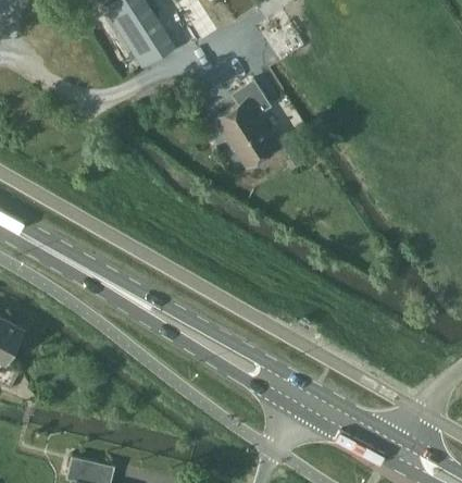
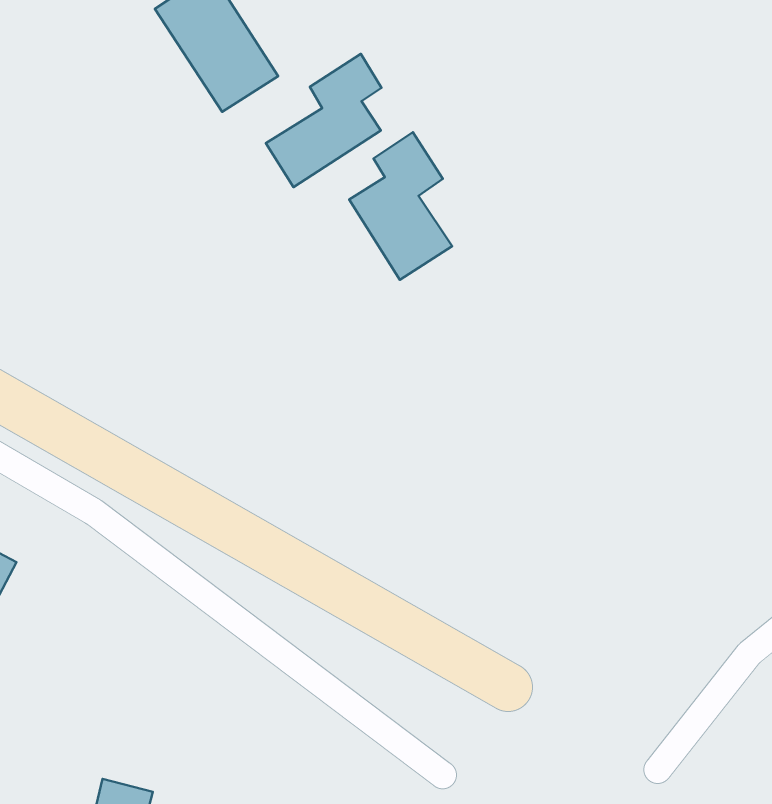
building: none -> [266,54,381,187]

